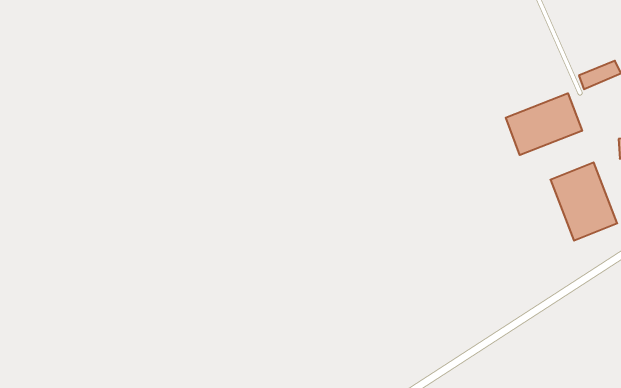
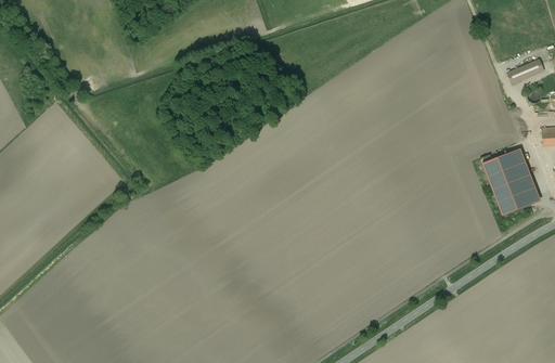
building: [506,93,582,155] -> none

